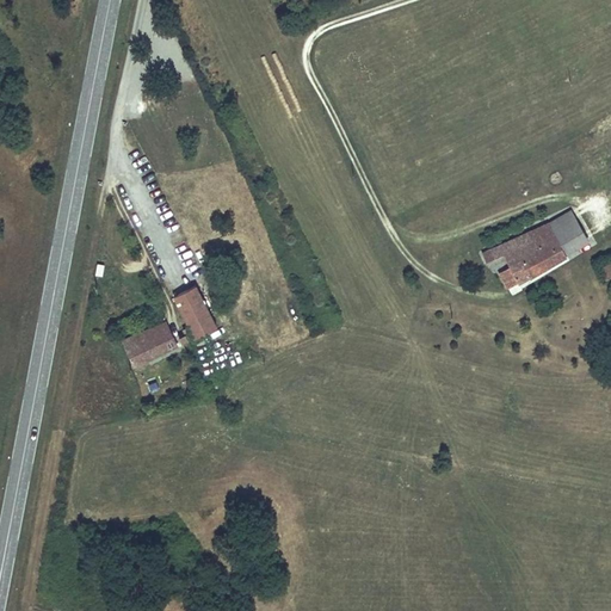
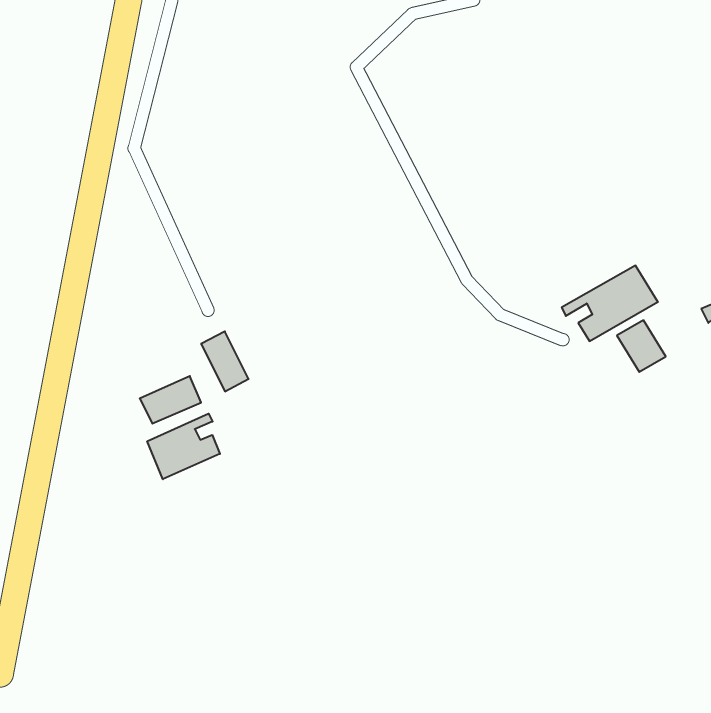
building: [545,215,587,259] -> [617,320,666,372]
building: none -> [147,414,220,479]

